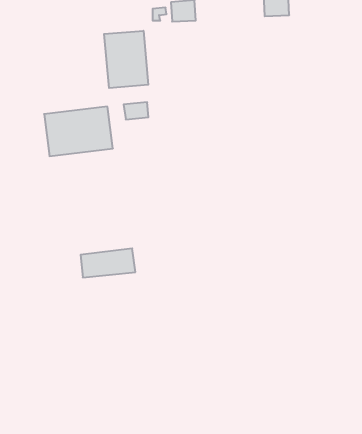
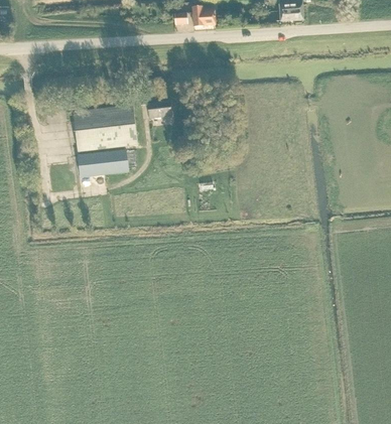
building: [104,31,148,88] -> none
building: [81,248,135,277] -> [77,150,128,177]

